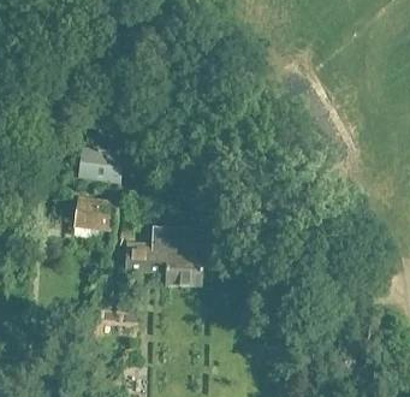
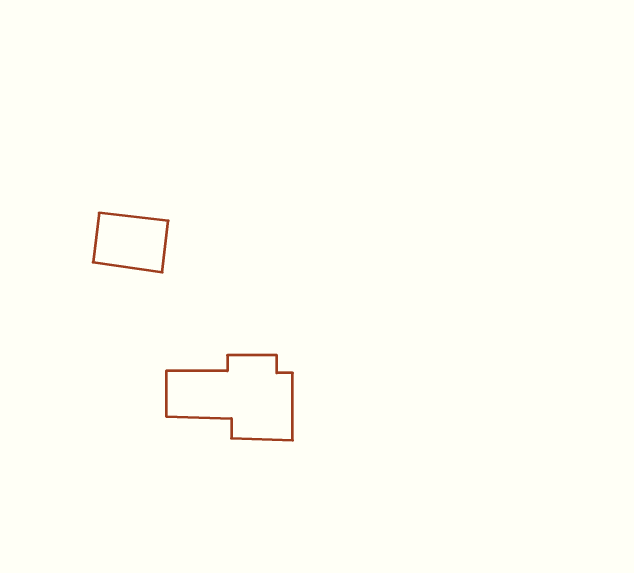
building: [75,196,118,230] -> none

